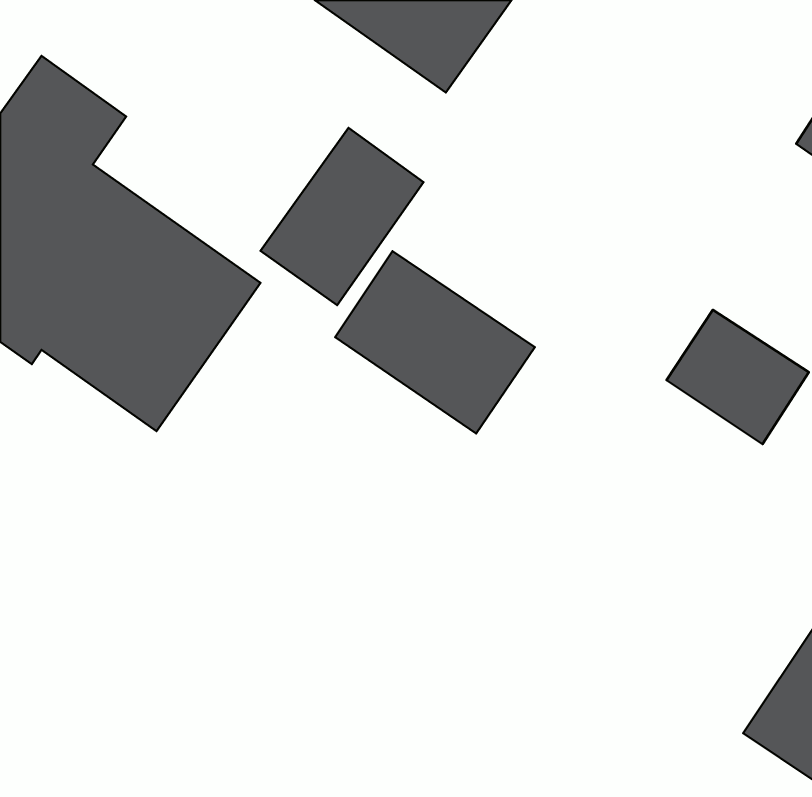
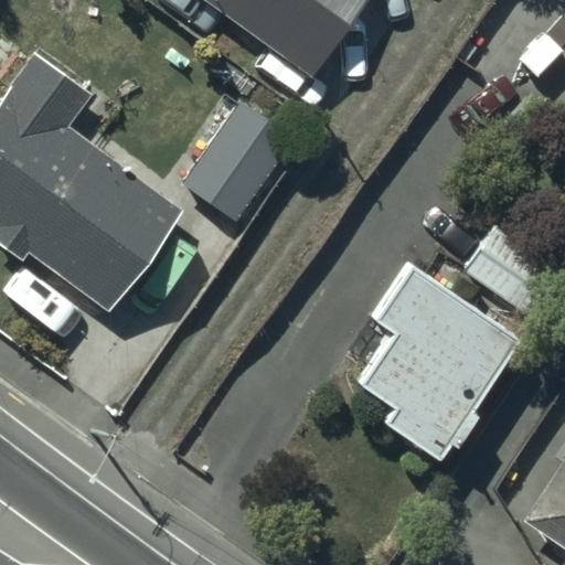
building: [335,251,535,434] -> none
building: none -> [356,262,520,457]

